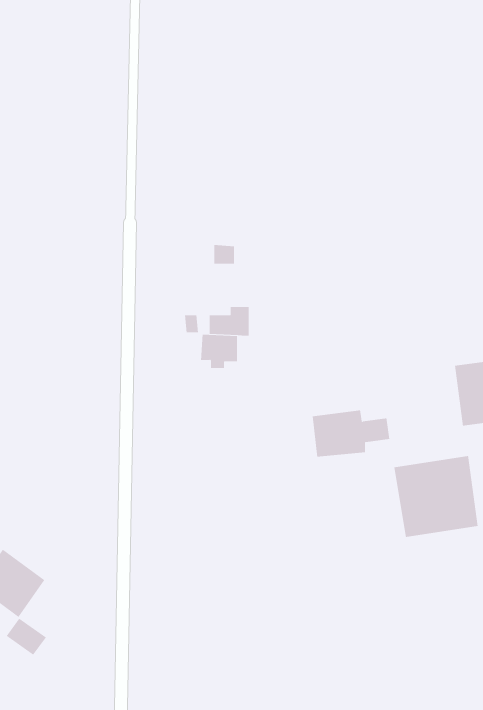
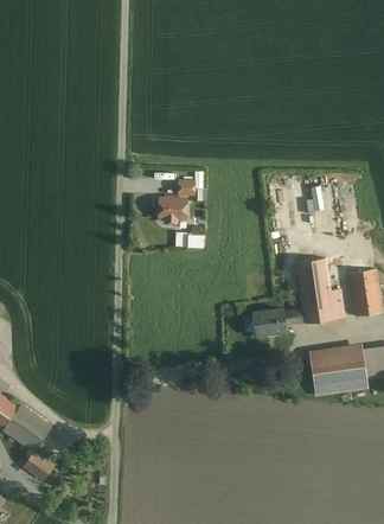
building: [200,334,238,369] -> [156,202,184,226]
building: none -> [296,257,346,325]

